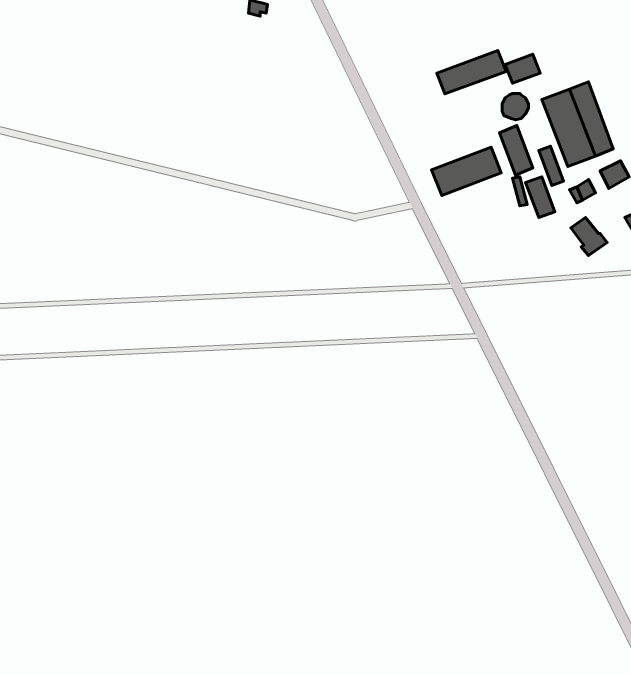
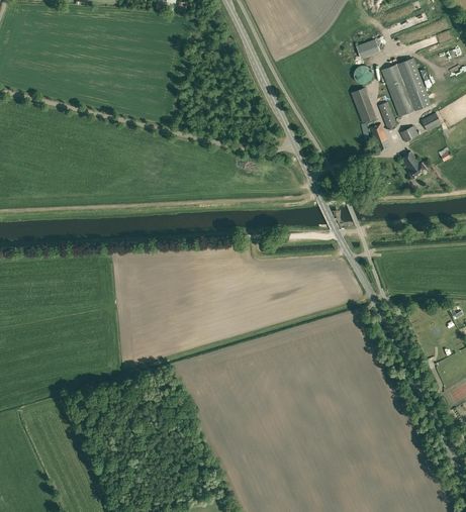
building: [437,51,506,94] -> none
building: [431,147,501,195] -> none

